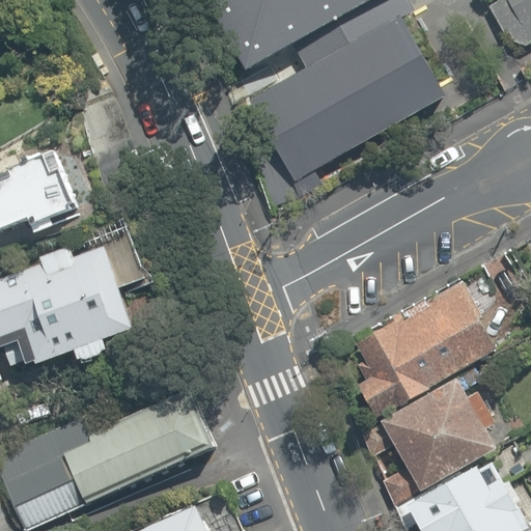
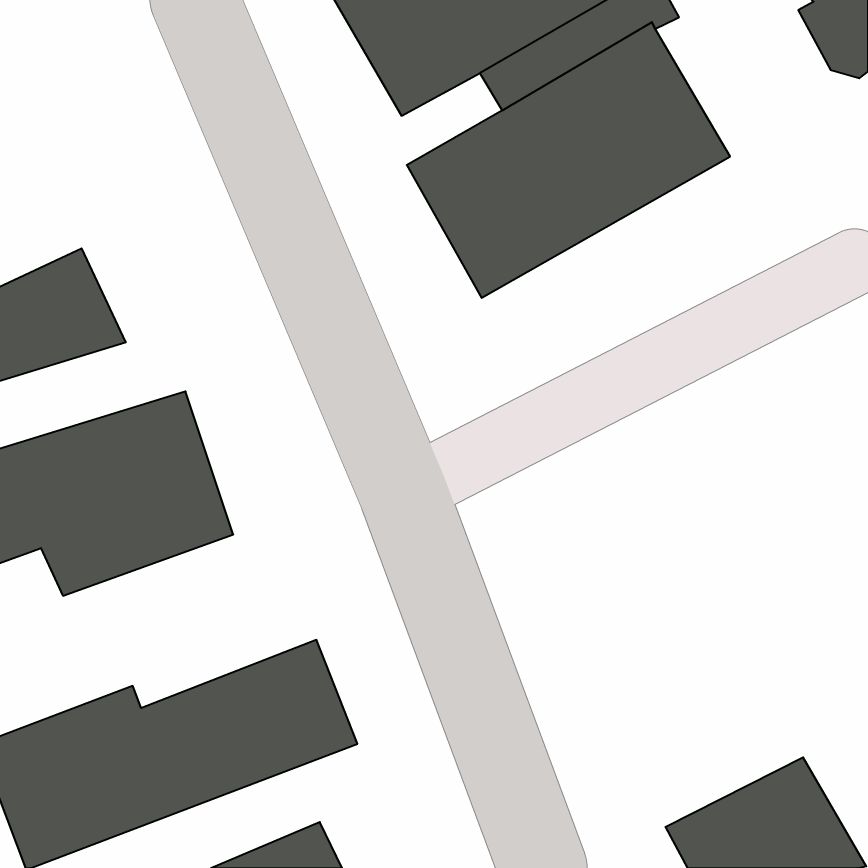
building: [354,285,496,416] -> none
building: [359,376,497,504] -> none

